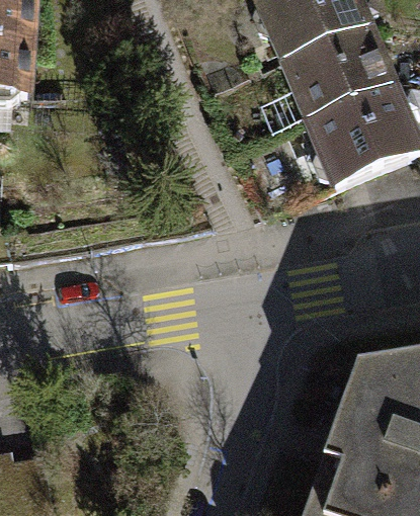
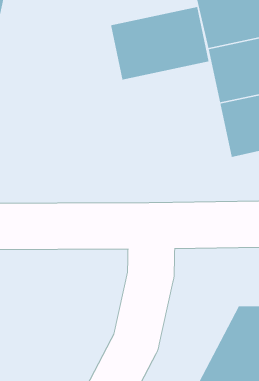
building: none -> [110,6,210,81]

